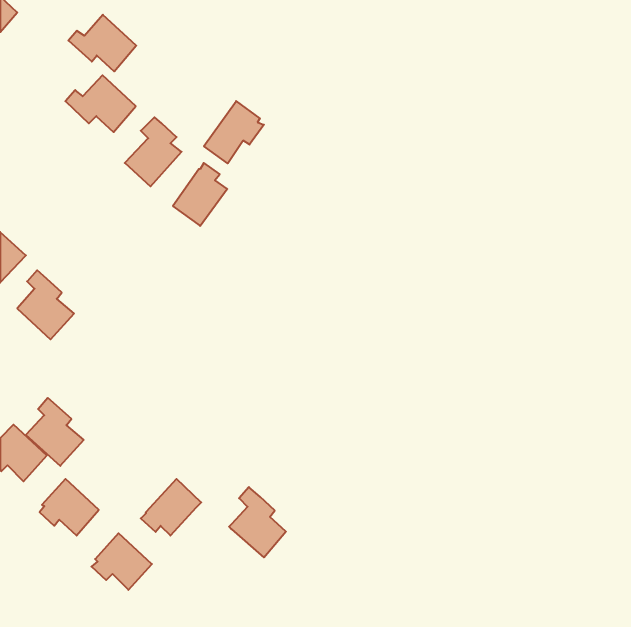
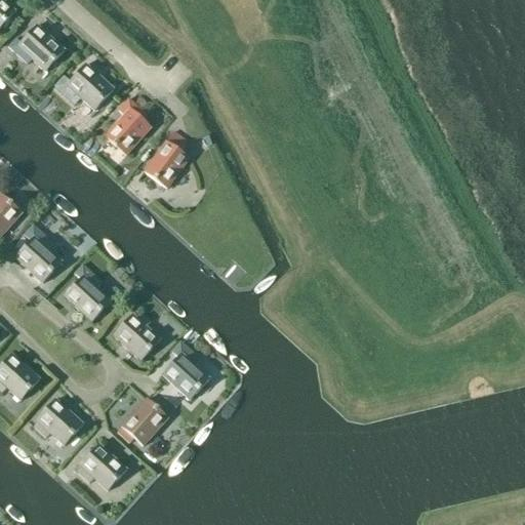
building: [68,15,136,71] -> [7,24,64,71]
building: [204,101,264,163] -> none
building: none -> [112,310,159,360]
building: [26,398,84,466] -> [63,265,111,321]
building: [229,487,286,557] -> [161,340,208,399]

